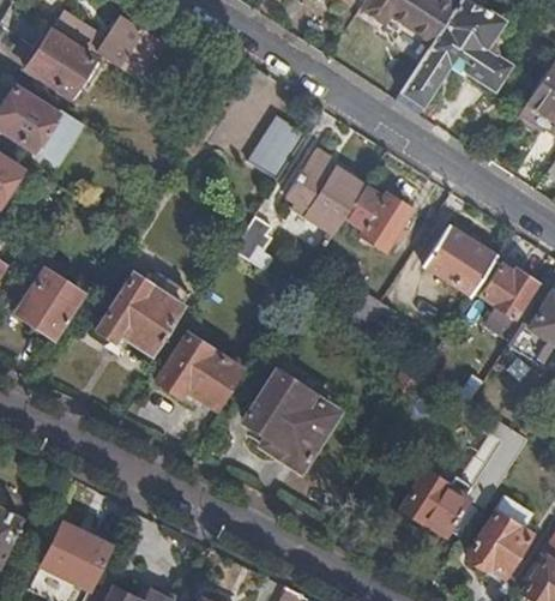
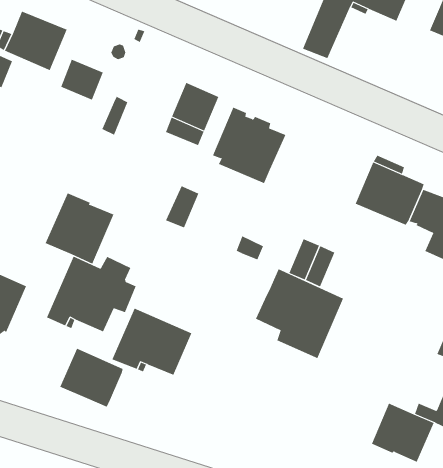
building: none -> [60,59,103,100]
building: [345,186,411,250] -> none
building: none -> [45,192,114,264]
building: none -> [59,348,123,407]
building: [245,372,337,469] -> [255,269,344,359]

